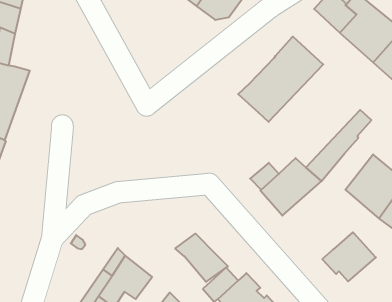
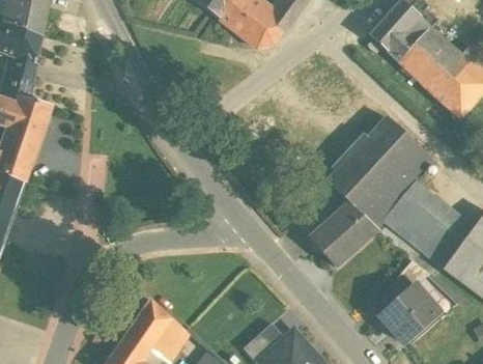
building: [238,37,323,122] -> [325,116,421,212]
building: none -> [386,178,435,236]
building: none -> [381,259,427,303]
building: [175,234,228,282] -> none

